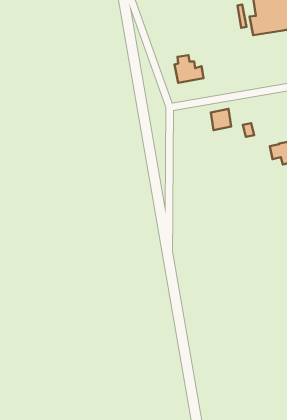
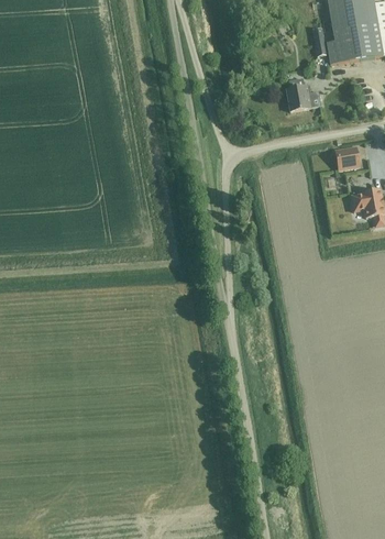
building: [175,55,203,83] -> [285,77,319,110]
building: [211,109,231,130] -> [334,144,359,169]

